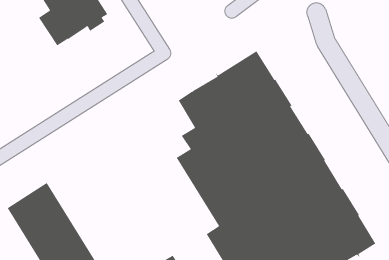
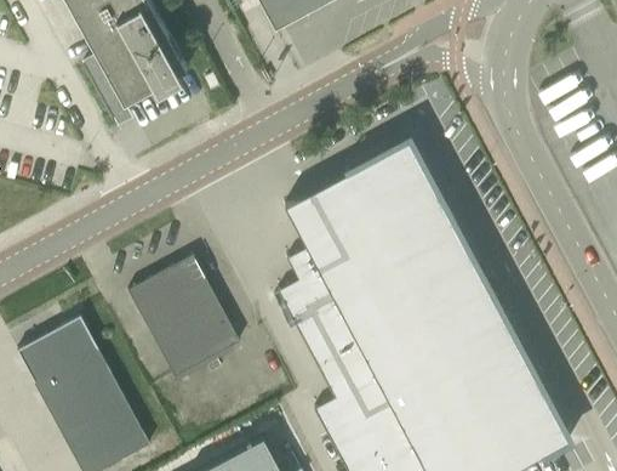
building: none -> [128,256,240,379]

